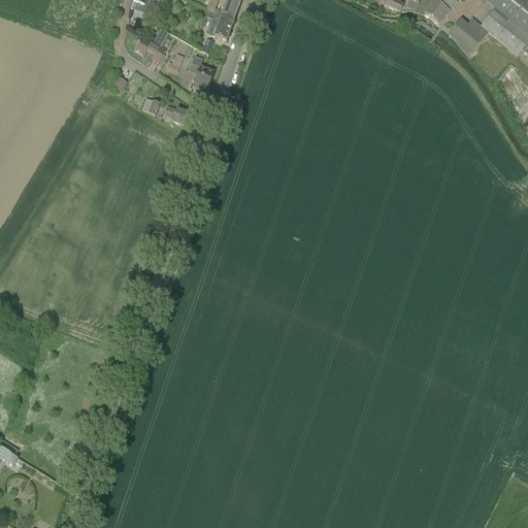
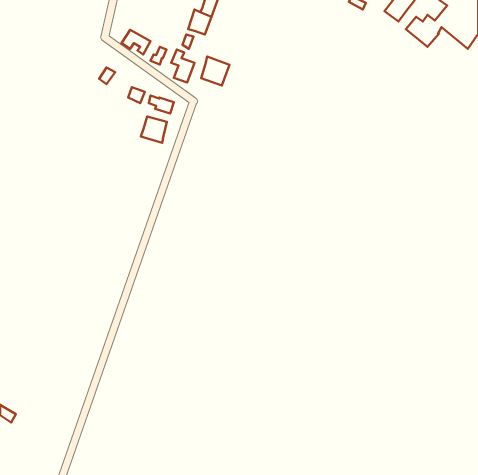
building: none -> [201,56,230,85]
building: none -> [141,116,167,143]

